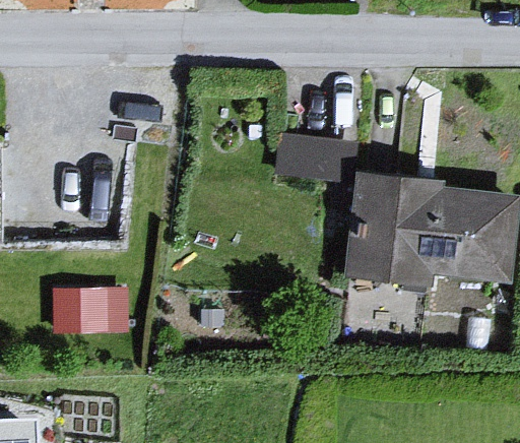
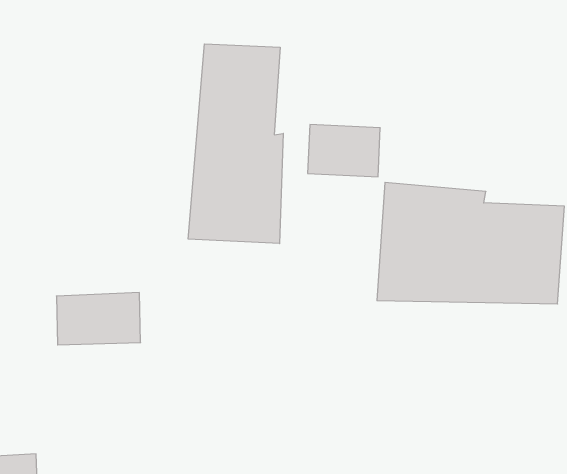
building: none -> [188,44,283,244]

